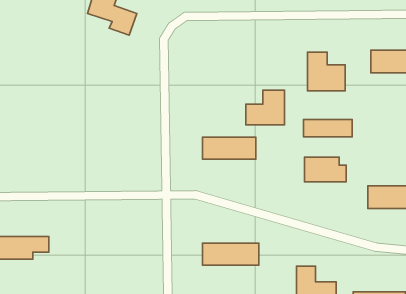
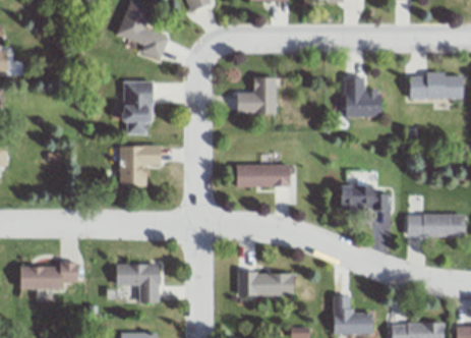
building: none -> [123,81,153,134]
building: [246,90,285,125] -> [236,77,276,113]
building: [303,119,352,137] -> none
building: none -> [119,146,162,186]
building: none -> [116,264,159,303]

